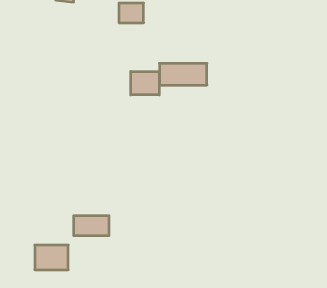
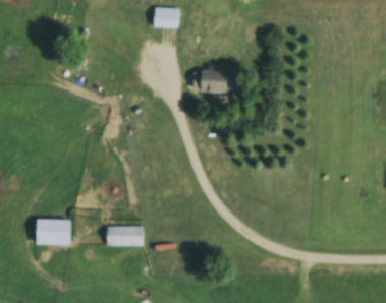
building: [131,71,159,95] -> none
building: [35,245,68,270] -> [36,220,70,245]

